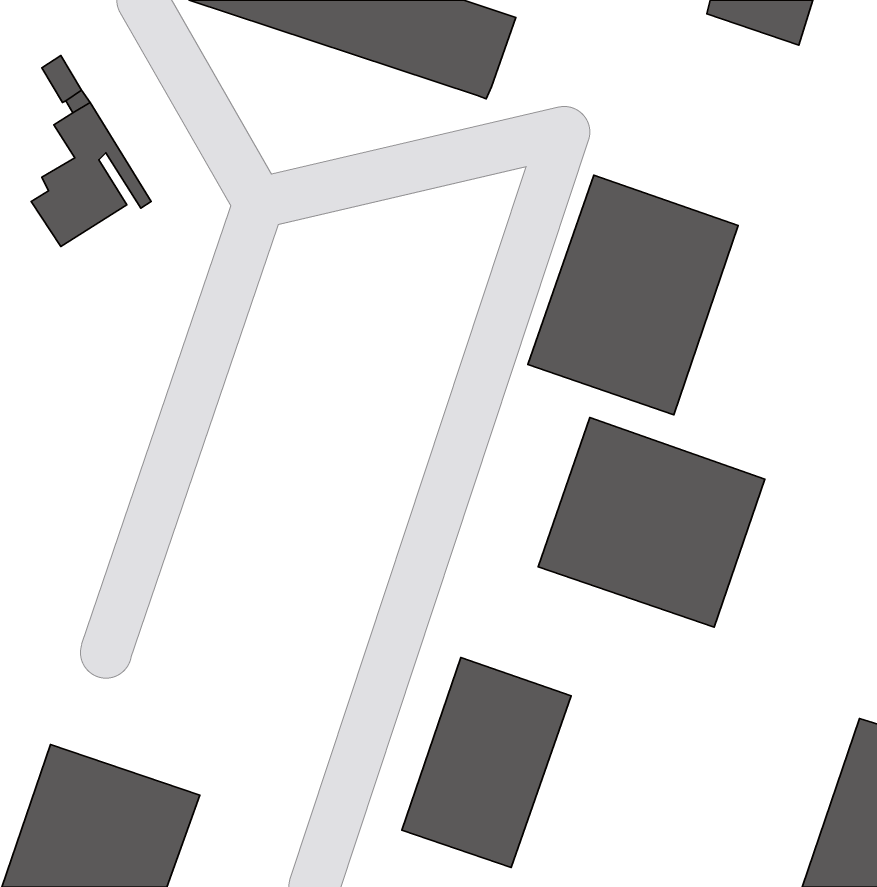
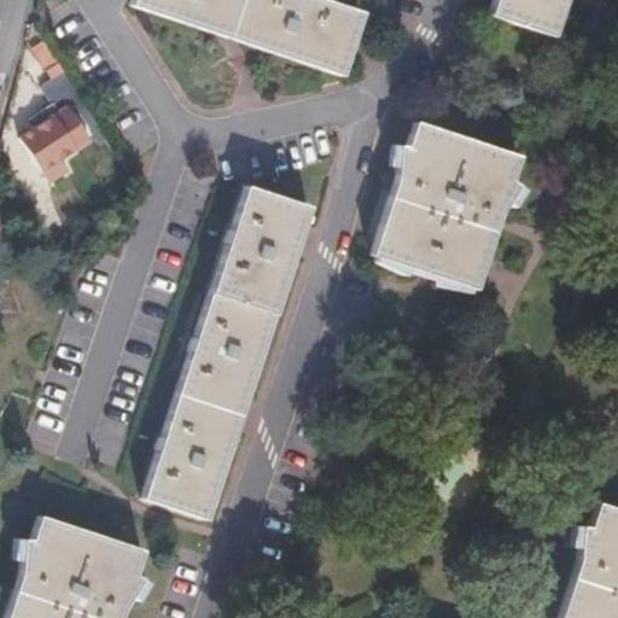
building: none -> [141,186,311,519]
building: [538,417,765,627] -> none
building: [402,658,571,867] -> none

